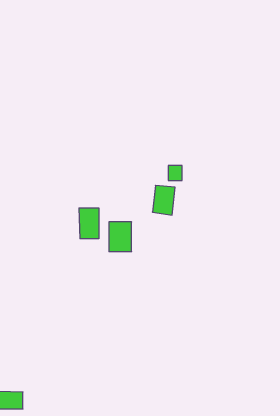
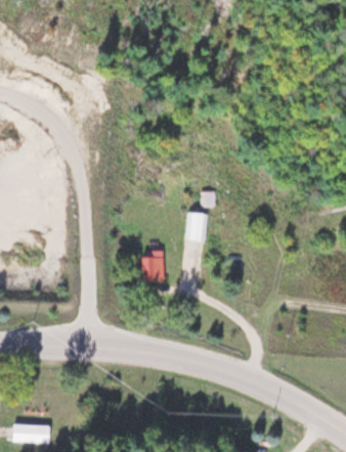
building: [79,208,99,239] -> none

